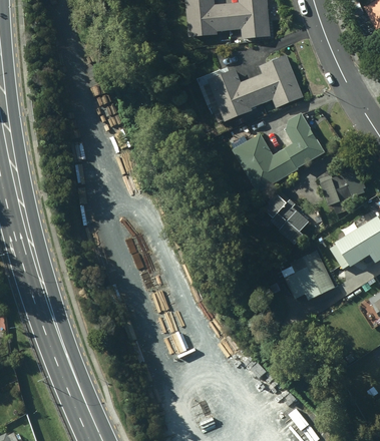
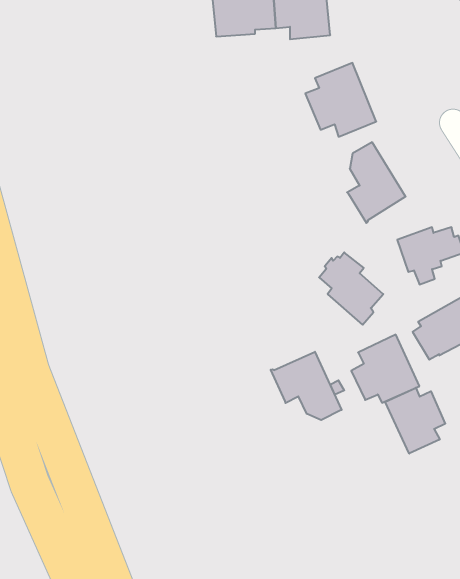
building: [203,68,264,121] -> none
building: [231,133,297,193] -> none
building: none -> [271,352,342,420]
building: none -> [385,388,445,454]

